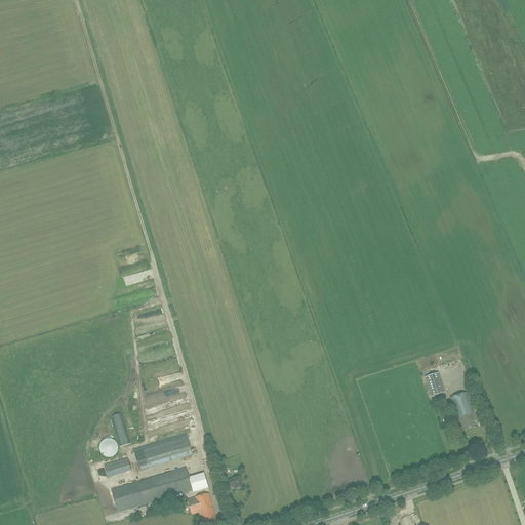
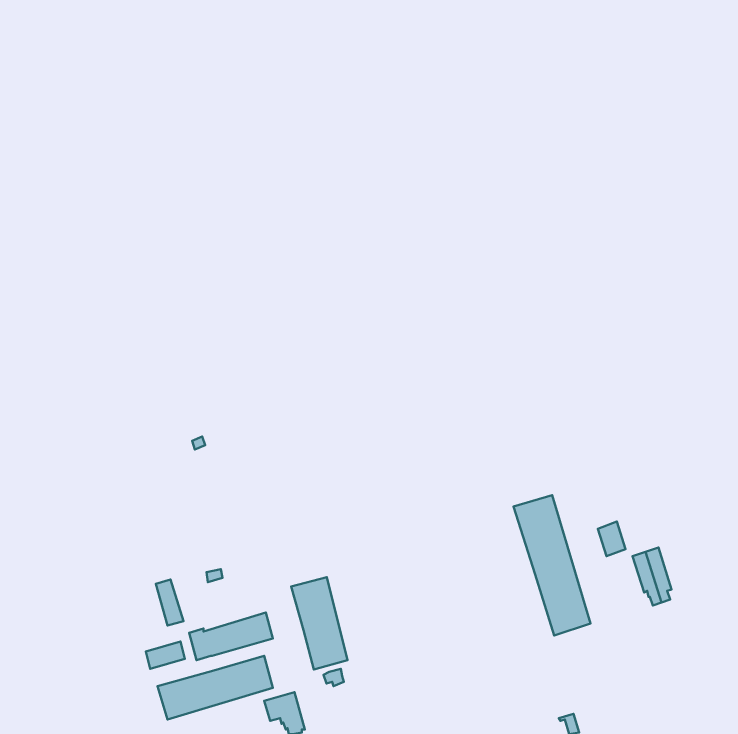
building: none -> [513,495,591,635]
building: none -> [291,577,348,670]

